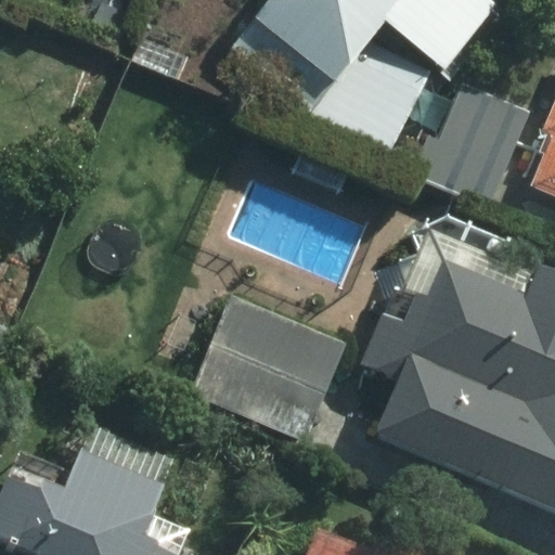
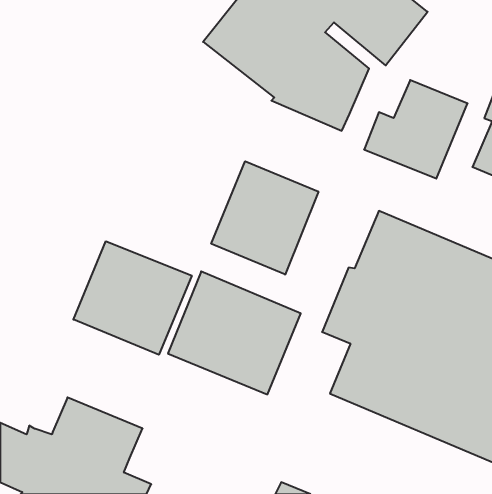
building: none -> [211,161,318,275]
building: none -> [73,241,192,355]

